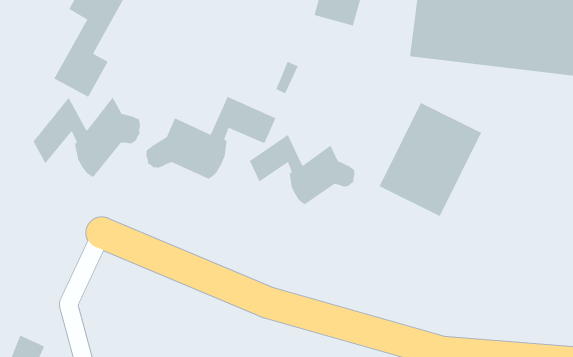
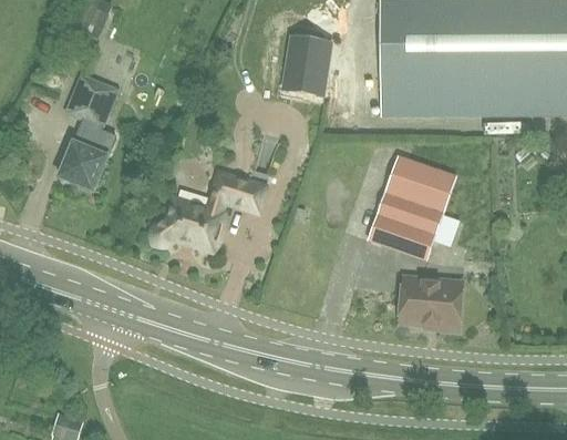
building: [33,96,141,178] -> none
building: [249,134,355,205] -> none
building: none -> [399,276,461,329]

